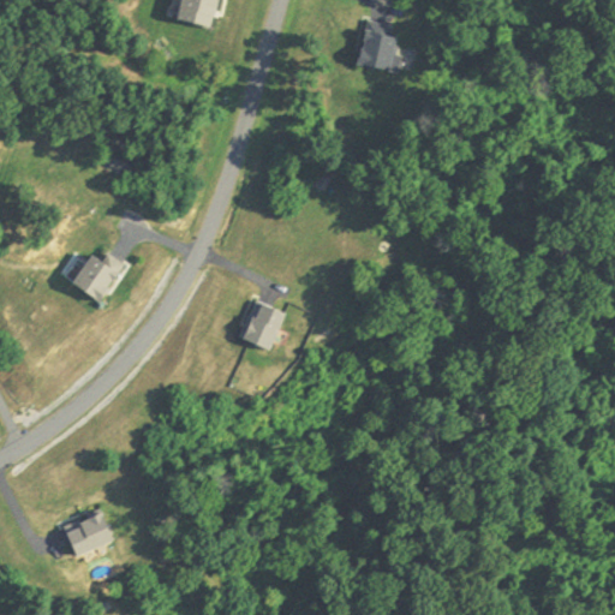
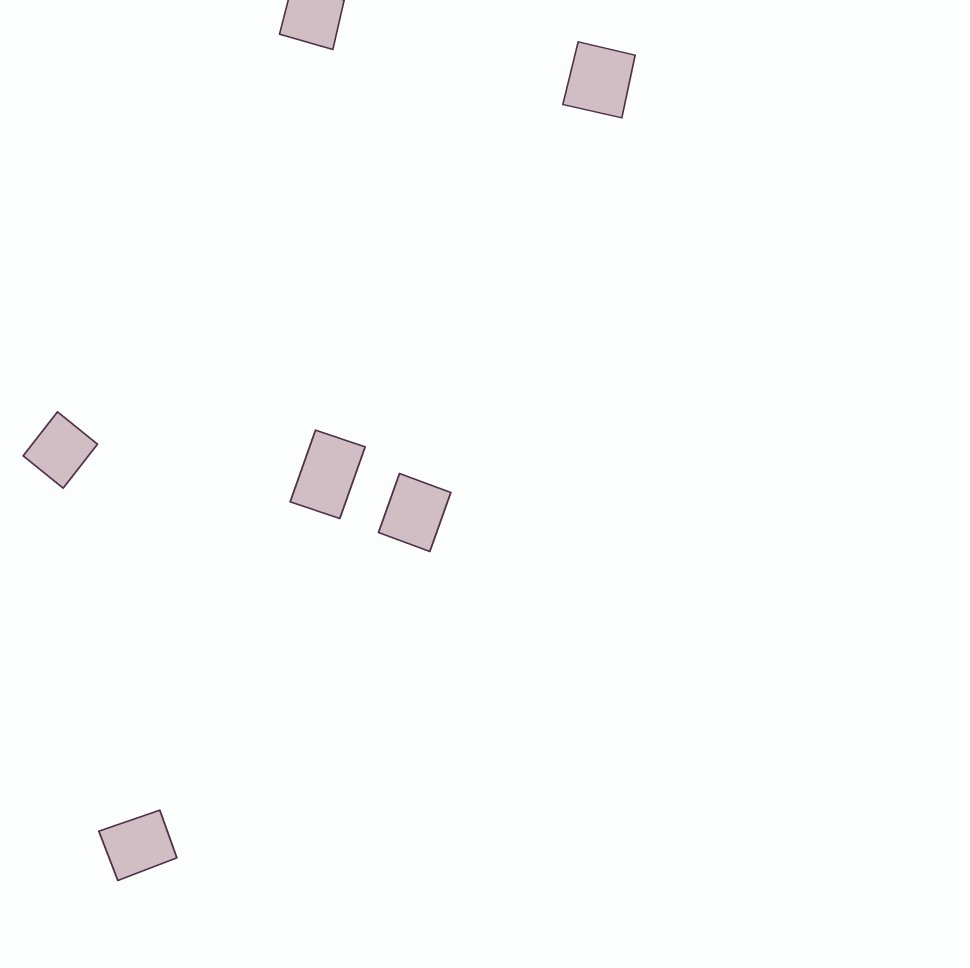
building: [71,252,118,300] -> [23,412,97,488]
building: none -> [290,430,365,519]

